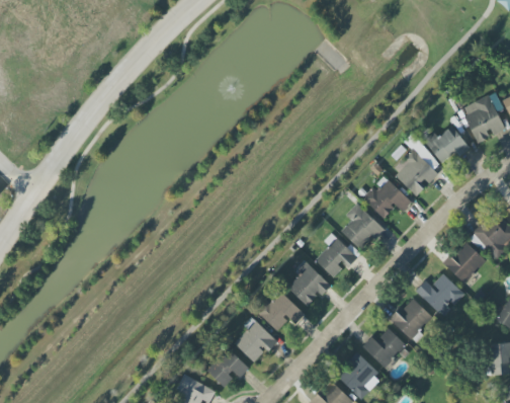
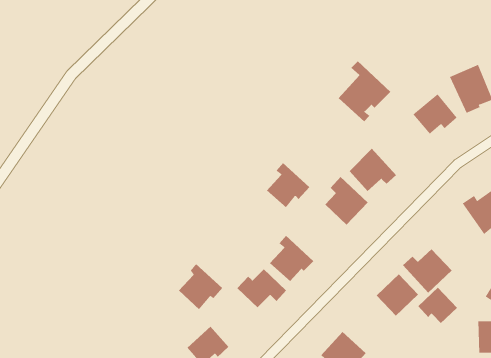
building: [393,135,444,194] -> [338,60,391,122]
building: [316,233,358,277] -> [266,162,310,208]
building: [444,241,487,284] -> none
building: none -> [417,287,458,324]
building: [235,317,278,362] -> [178,263,223,310]
building: [363,328,407,368] -> none

